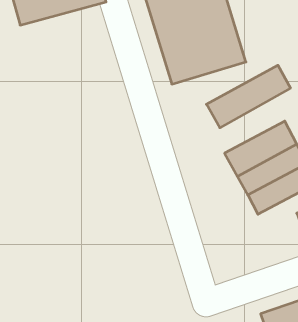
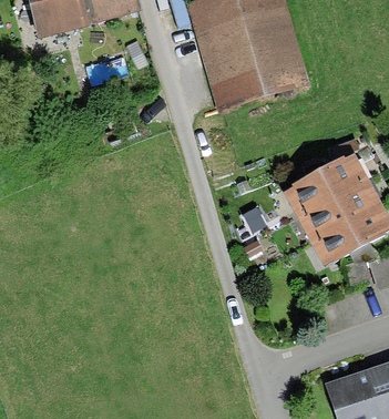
building: [206,65,290,128] -> none

